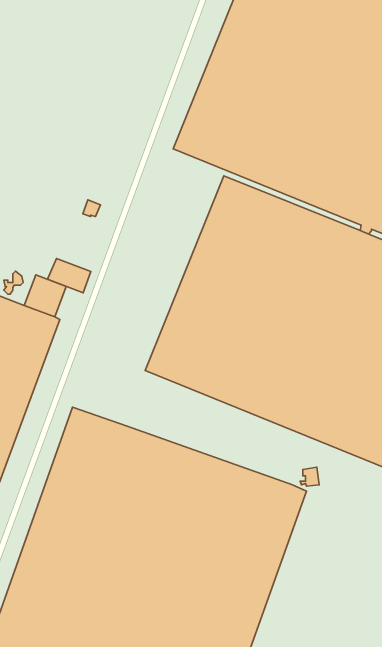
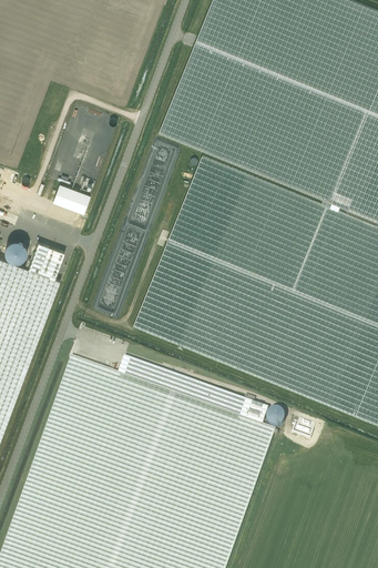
building: [47,259,91,293] -> [52,183,90,213]
building: none -> [119,357,268,425]

